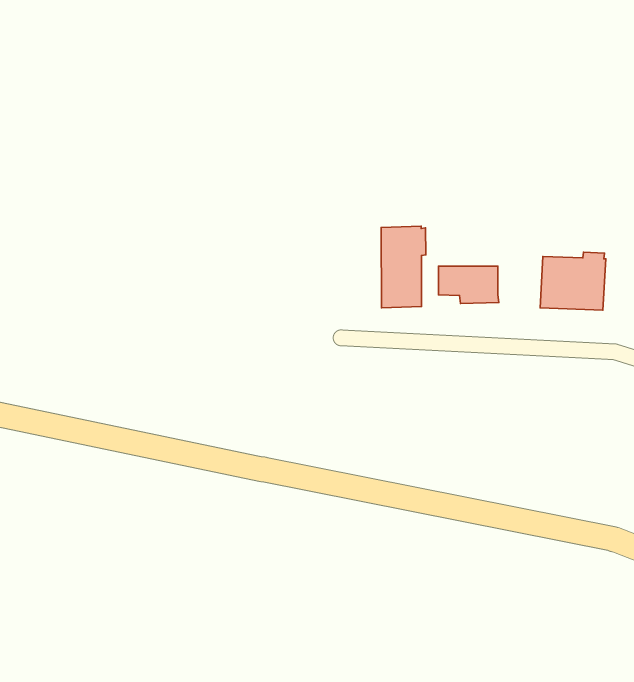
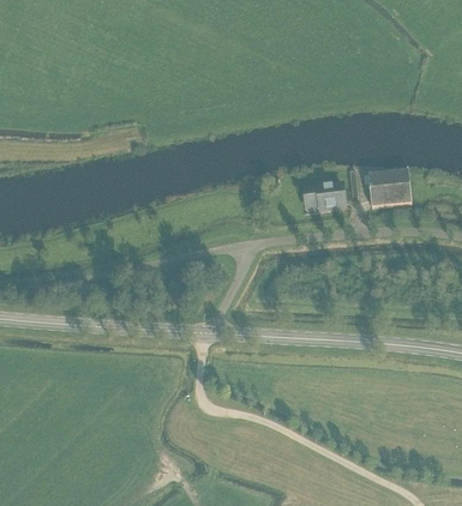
building: [381,226,426,308] -> none

